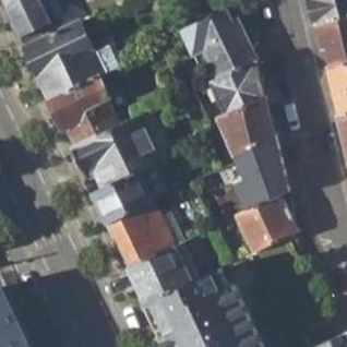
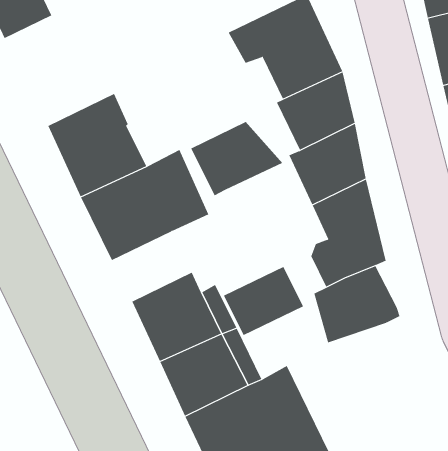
building: [23,23,101,99] -> none
building: none -> [190,121,283,196]
building: [93,174,149,223] -> [223,266,304,336]

